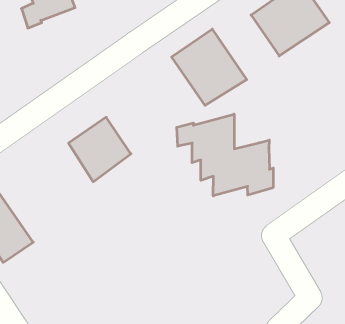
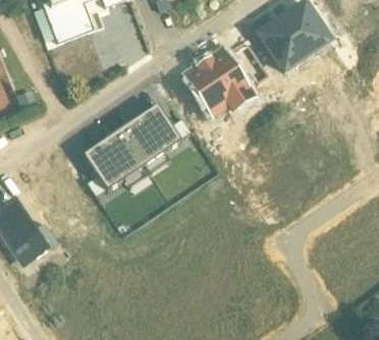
building: none -> [120,106,180,164]
building: [177,114,273,196] -> none

